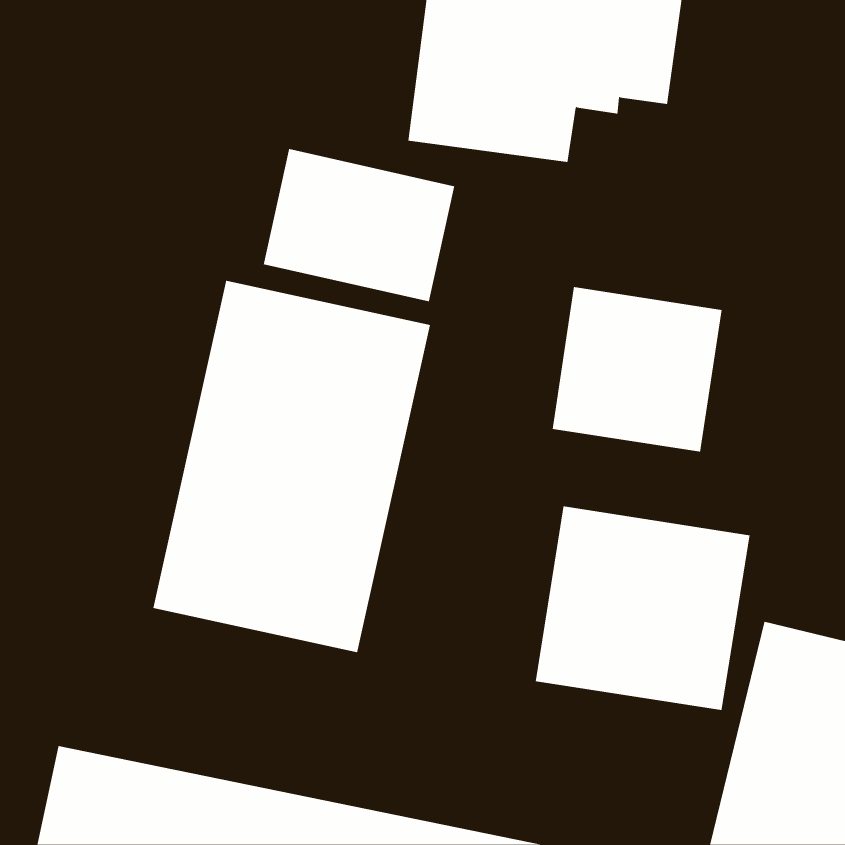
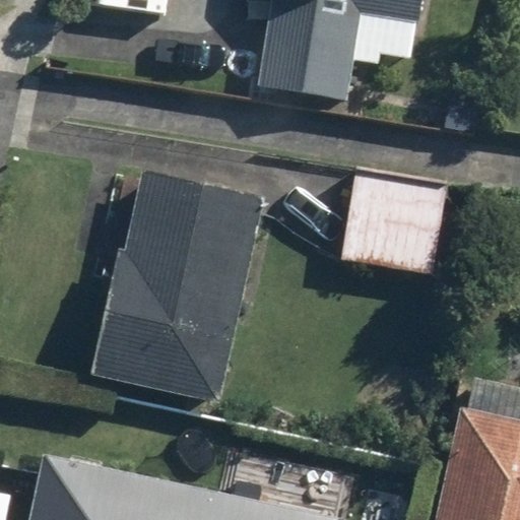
building: [263,148,455,302] -> none
building: [535,506,750,711] -> none

